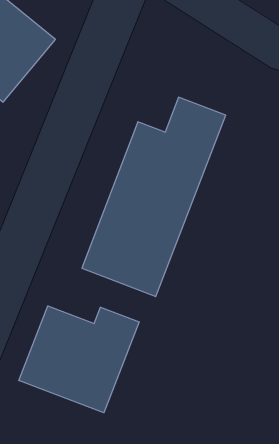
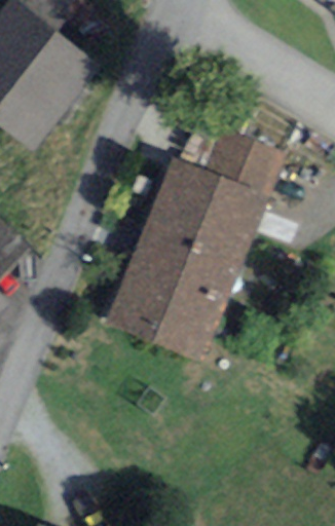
building: [19,306,139,413] -> none

